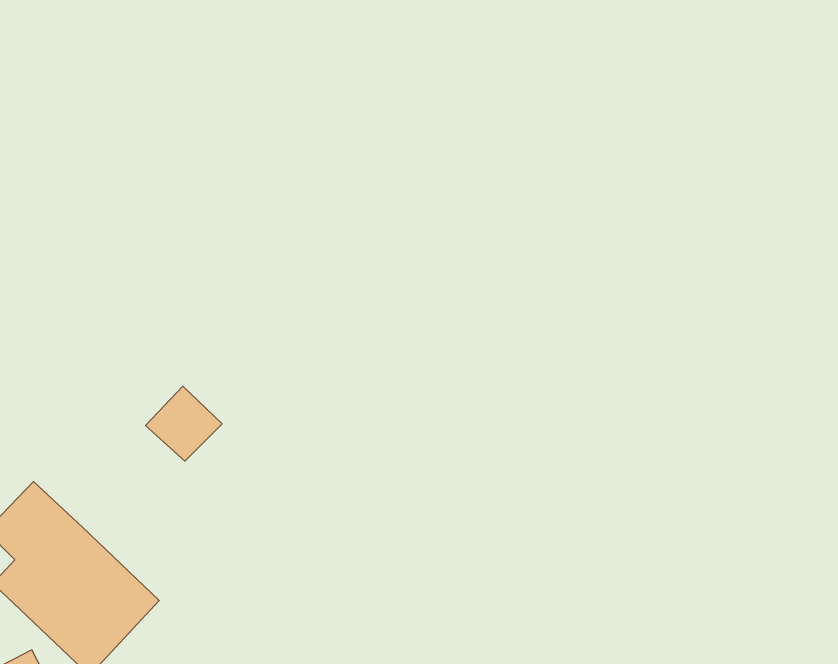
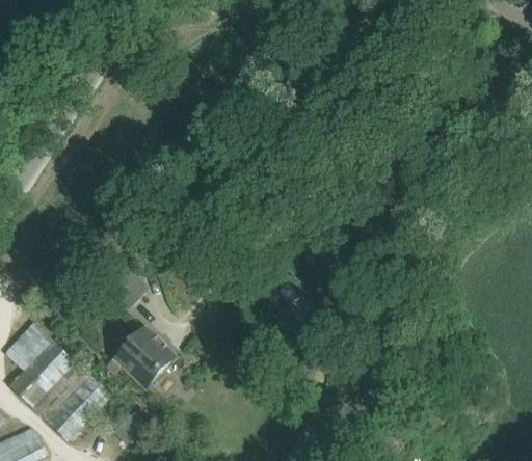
building: none -> [106,328,168,388]

